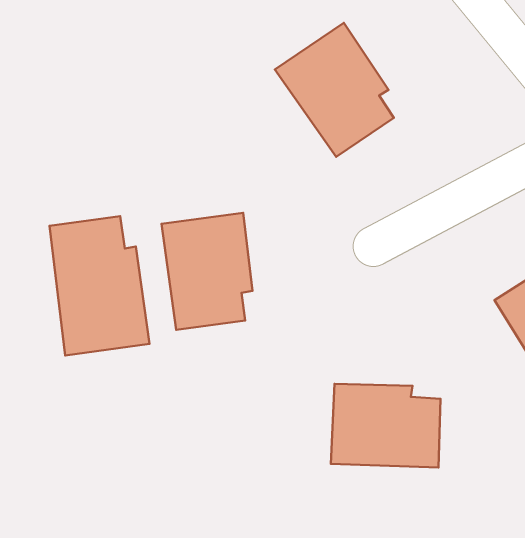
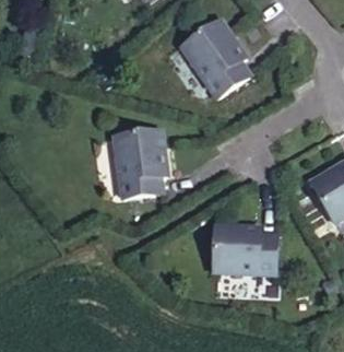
building: [49,216,150,355] -> none

